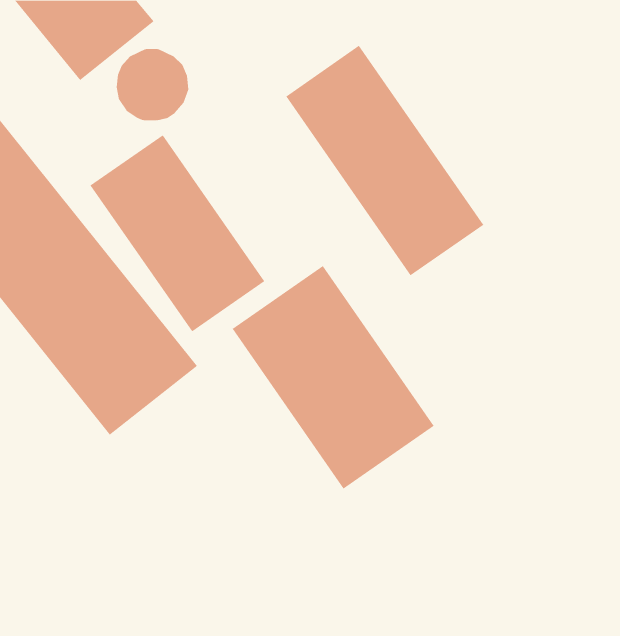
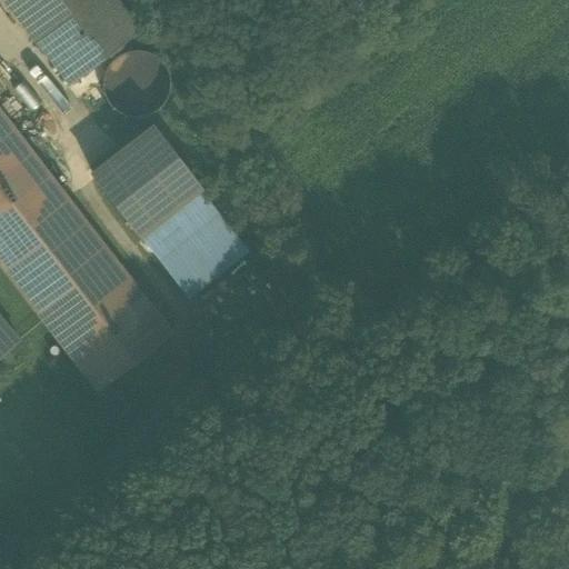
building: [285,45,484,276] -> none
building: [232,265,435,489] -> none

